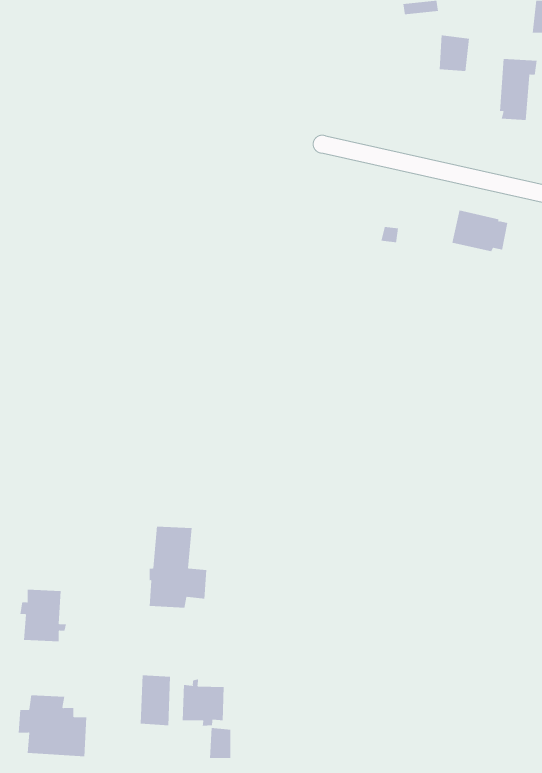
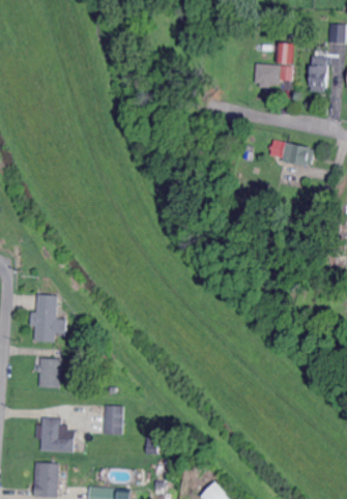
building: none -> [254,63,280,87]
building: [149,526,207,608] -> [33,294,66,341]
building: [182,678,224,727] -> none

